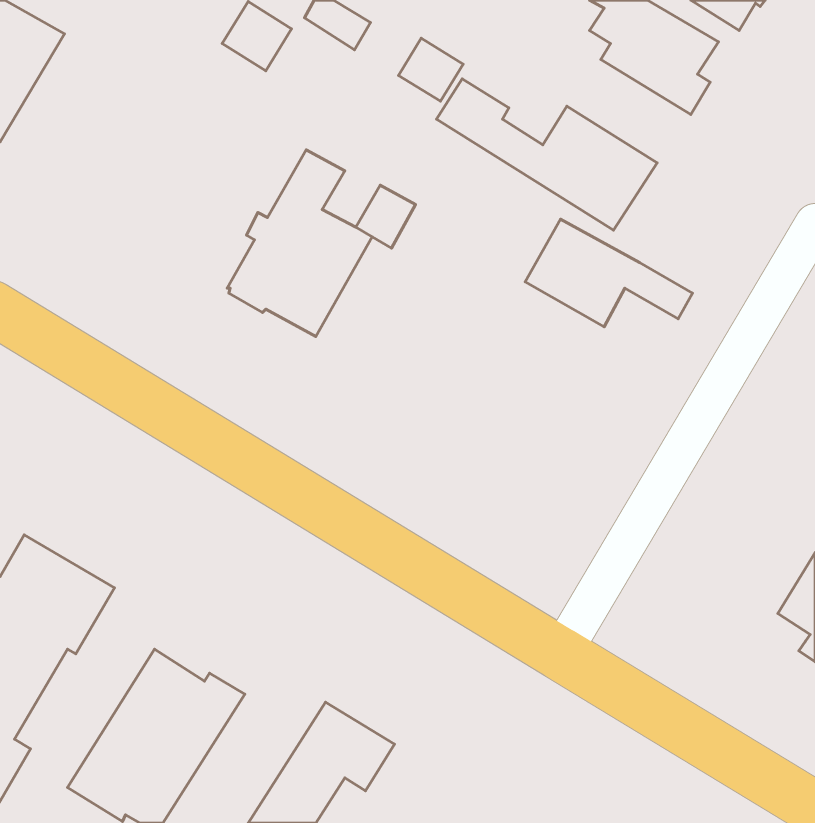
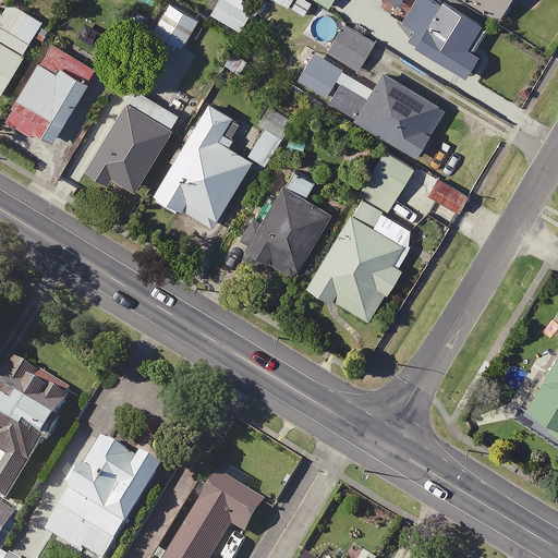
building: [399,38,463,101] -> [327,27,371,70]
building: none -> [5,46,86,136]
building: none -> [89,90,178,189]
building: none -> [245,169,328,276]
building: none -> [306,198,403,319]

